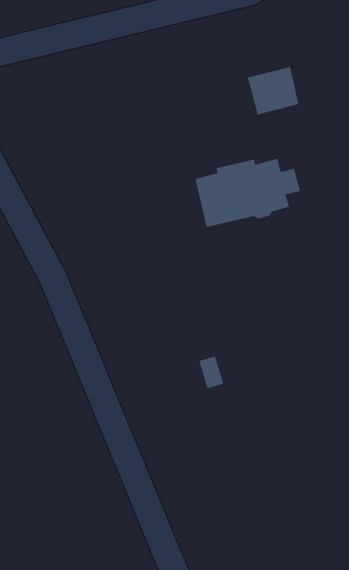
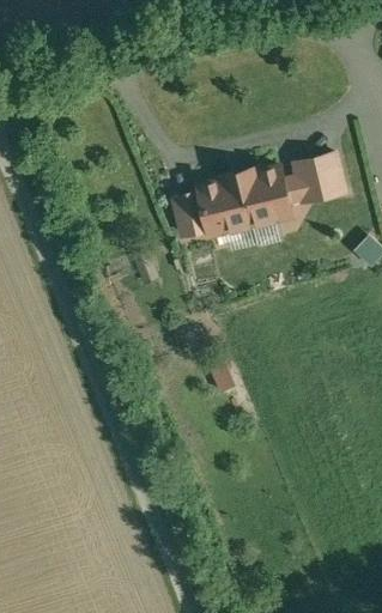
building: [247,66,299,115] -> [295,153,346,201]
building: none -> [176,192,210,235]

